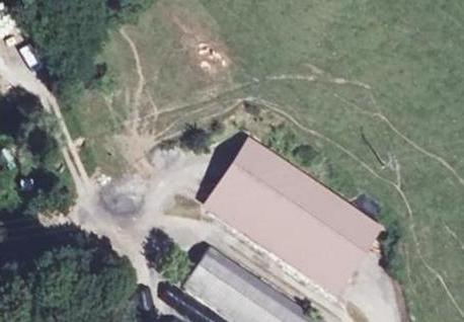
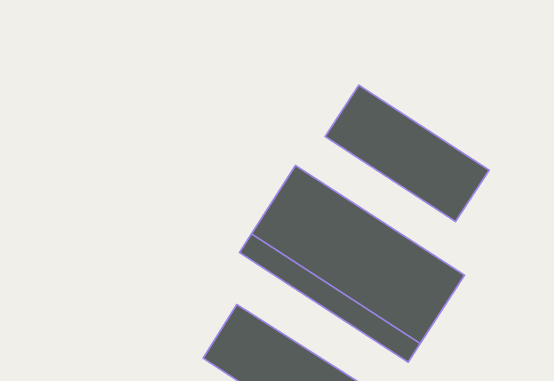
building: none -> [325,85,489,221]

